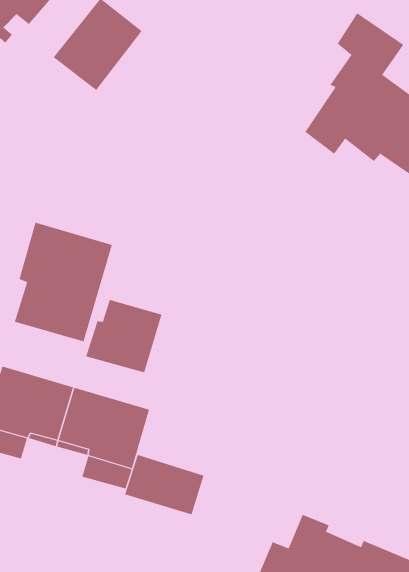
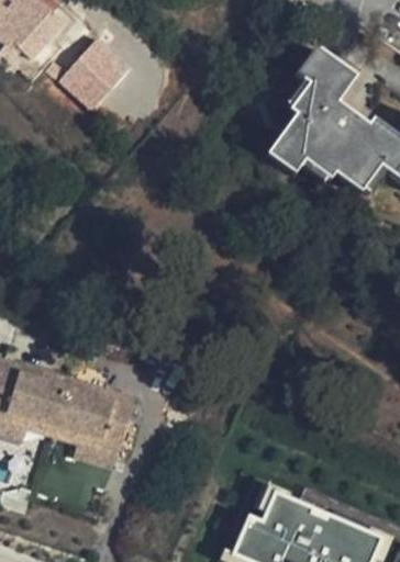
building: [14,222,112,342] -> none
building: [86,299,162,373] -> none
building: [125,454,204,515] -> none

